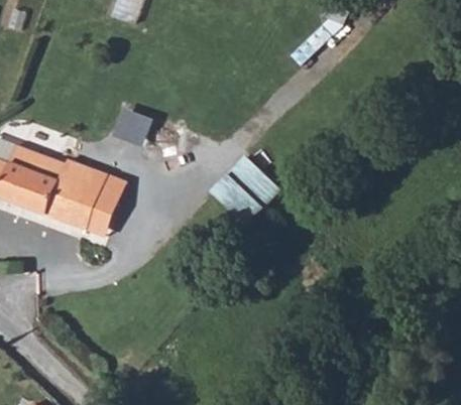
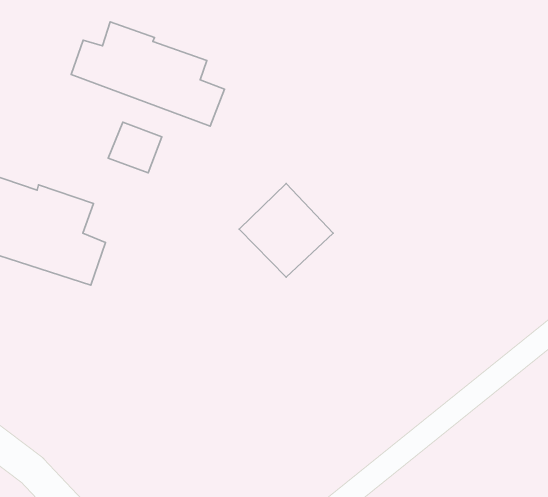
building: none -> [71,22,224,126]

